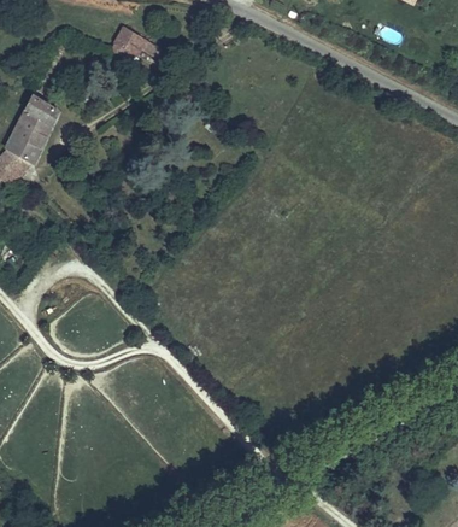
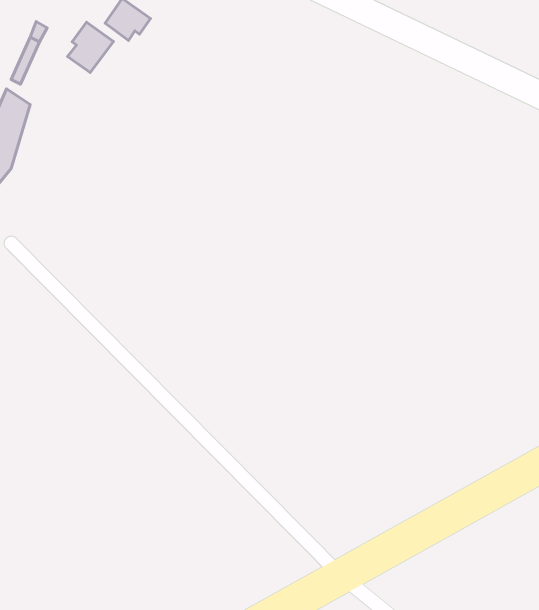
building: none -> [68,22,114,73]

